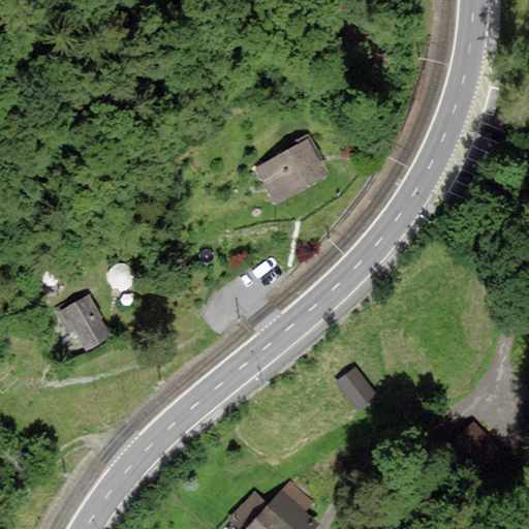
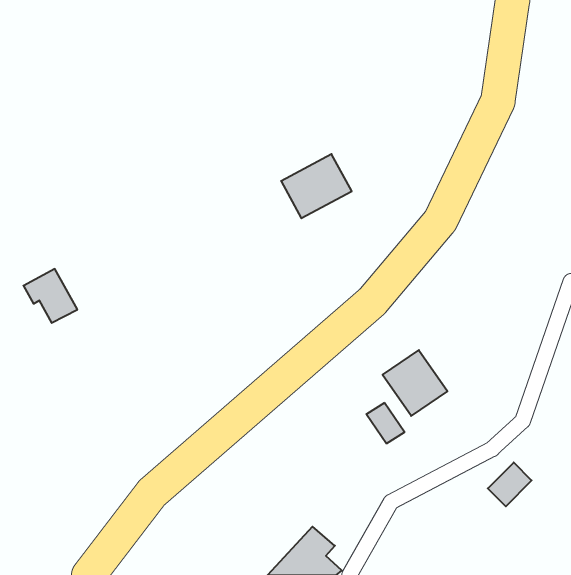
building: [58,297,107,346] -> [23,269,77,323]
building: none -> [383,350,447,416]

